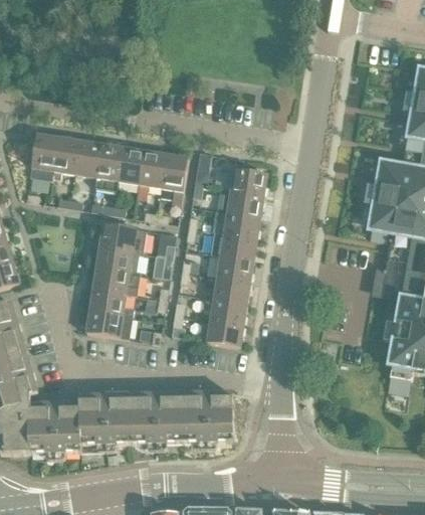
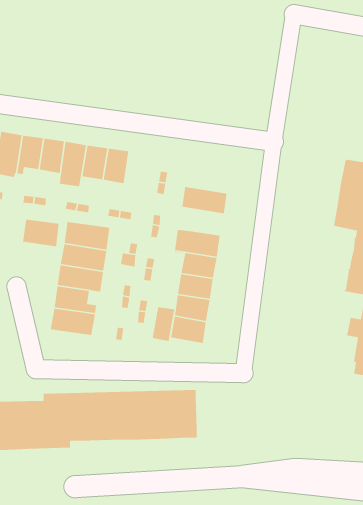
building: [159,152,186,201] -> none
building: [219,165,266,194] -> none
building: [216,208,259,236] -> none
building: none -> [22,219,59,247]
building: none -> [152,306,175,342]

